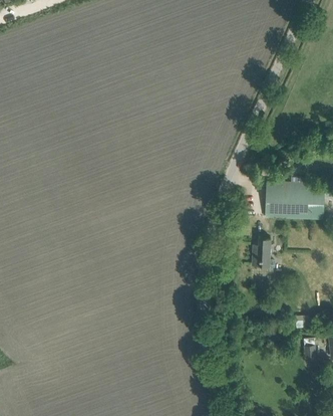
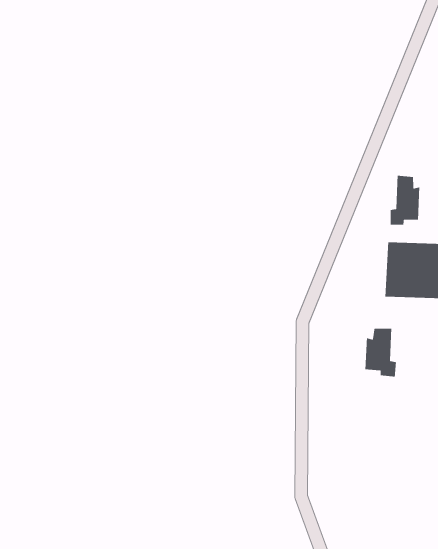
building: none -> [390,175,420,226]

